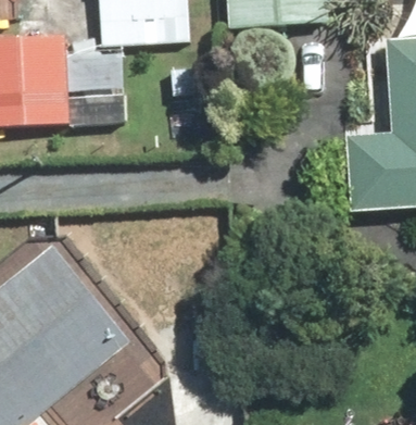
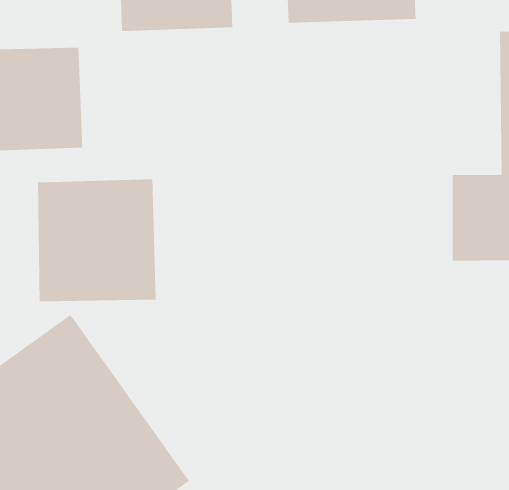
building: none -> [37,179,156,302]

